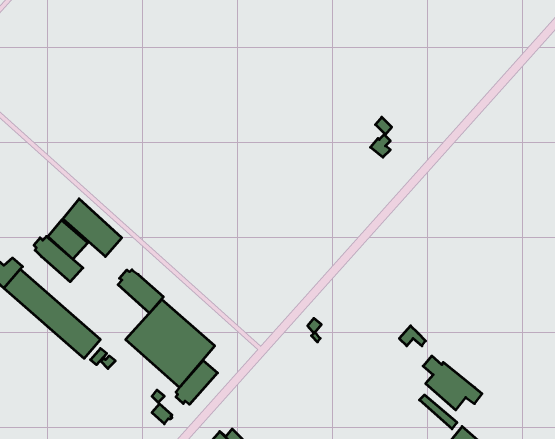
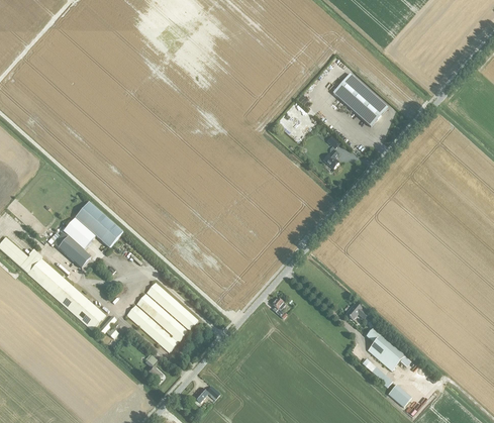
building: none -> [332,73,387,126]
building: [118,270,163,313] -> none
building: [176,361,218,404] -> none

